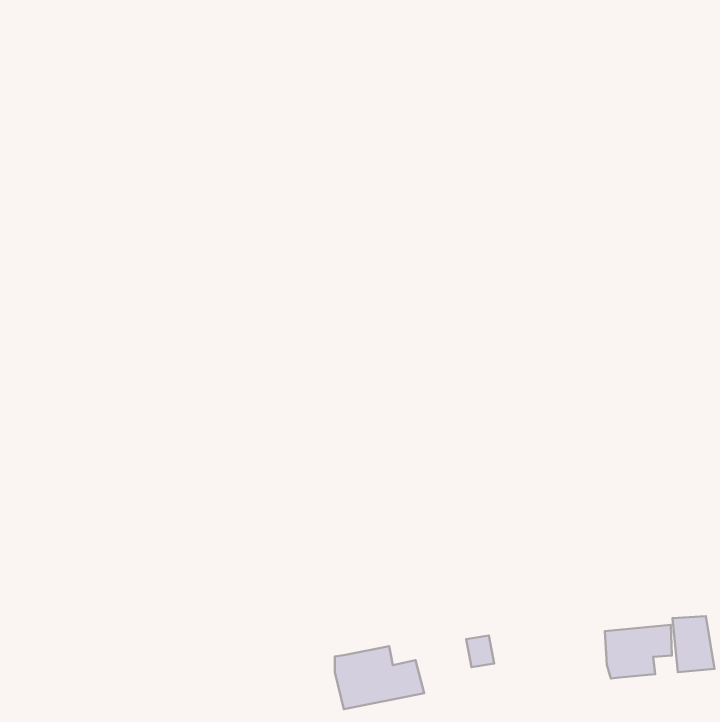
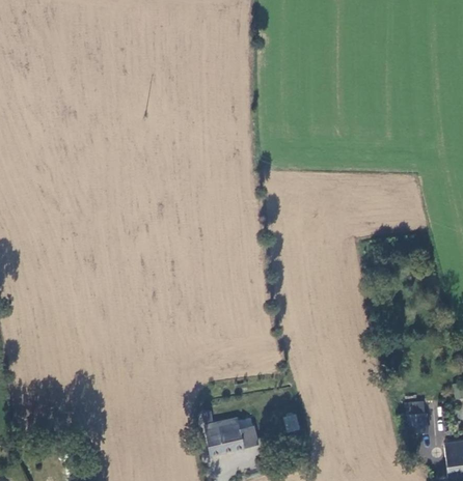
building: [605,625,672,679] -> none

